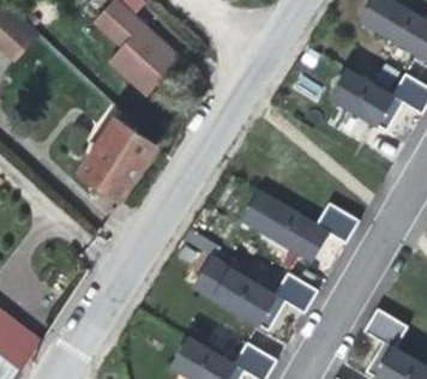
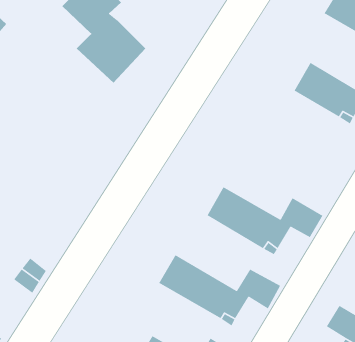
building: [85,95,155,199] -> none

